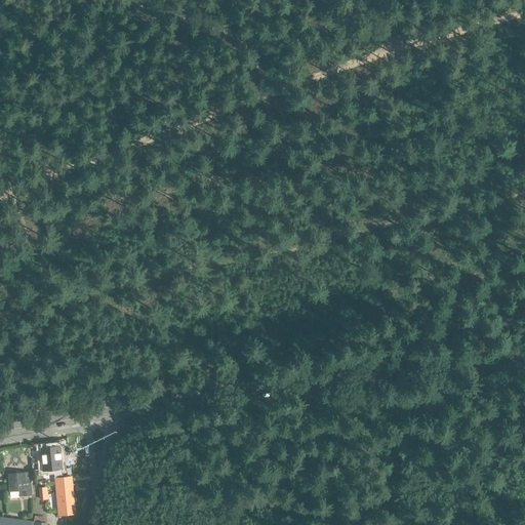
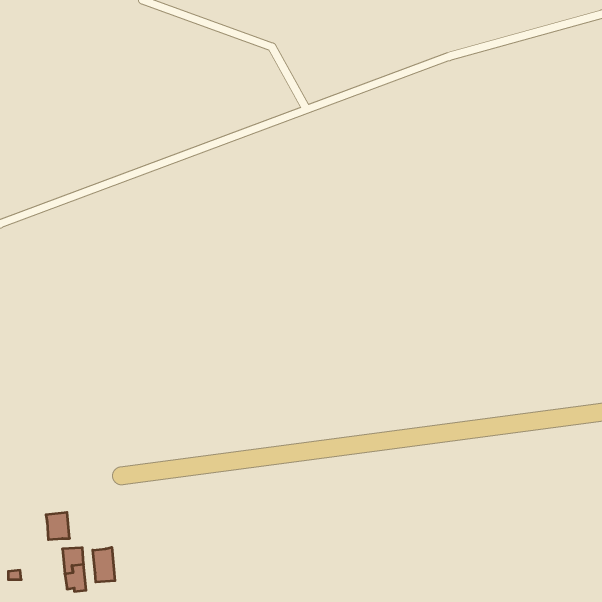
building: [8,472,31,495] -> none
building: none -> [93,547,115,582]

